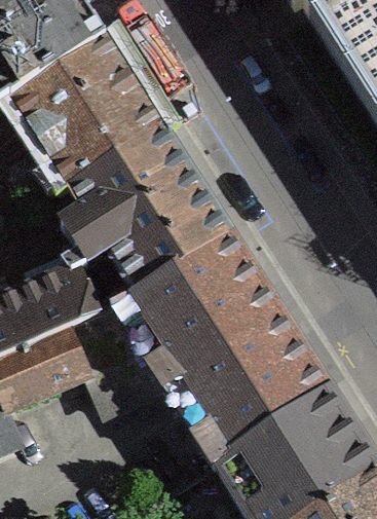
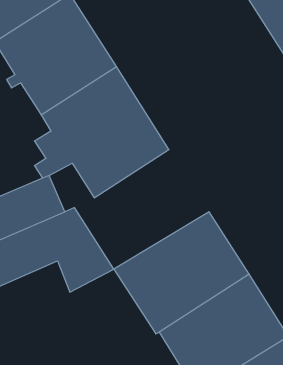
building: [111,225,279,375] -> none

